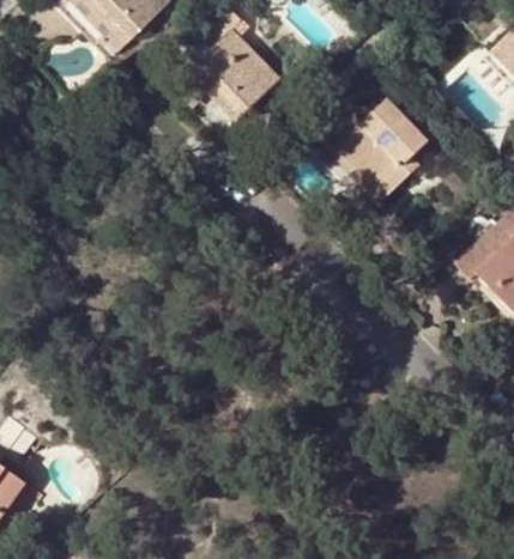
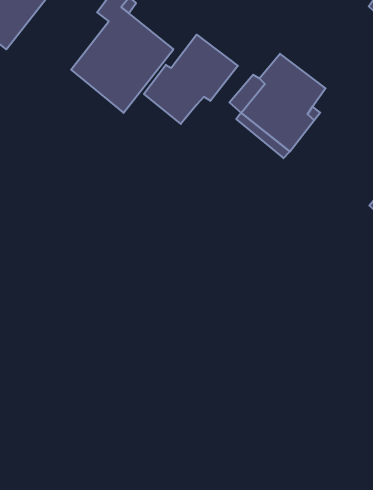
building: none -> [144,35,238,124]

